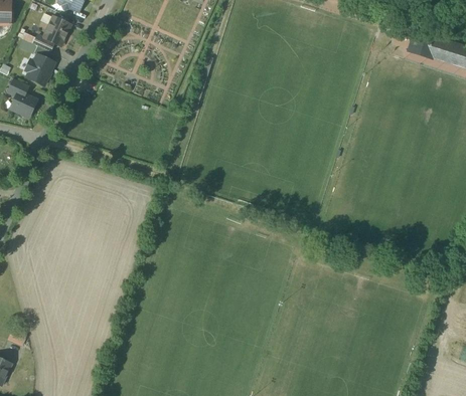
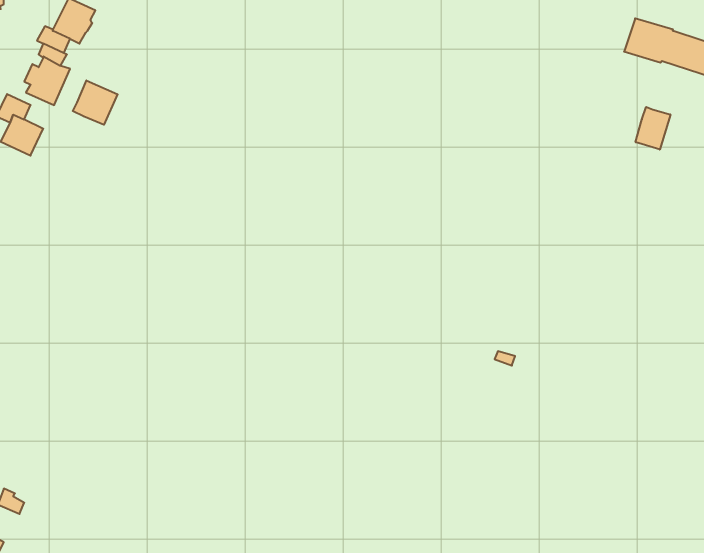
building: none -> [73,80,118,125]
building: none -> [636,107,670,150]

